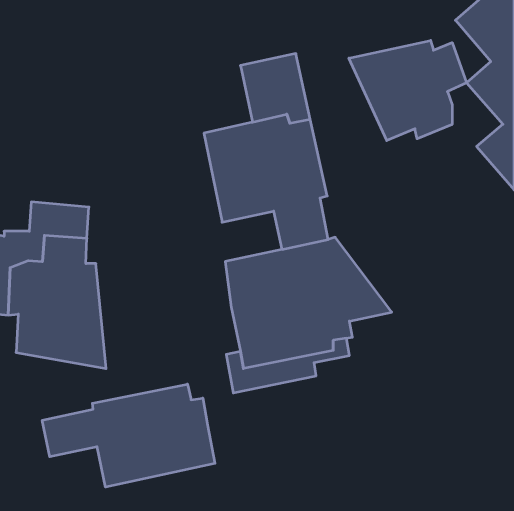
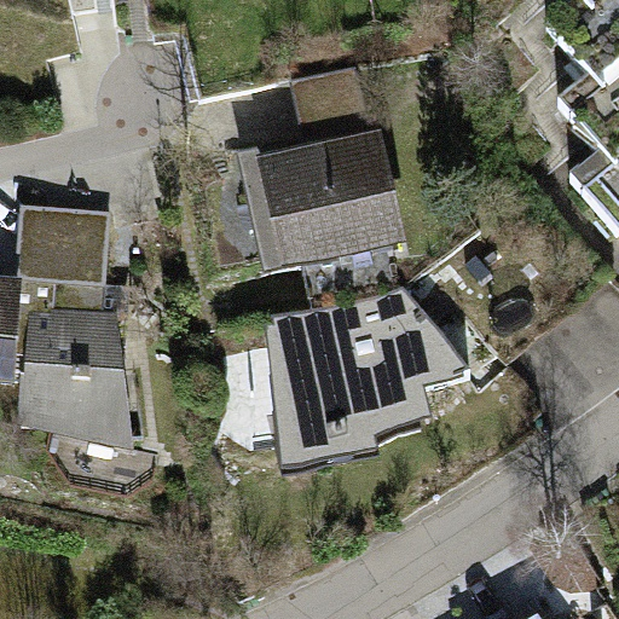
building: [349,40,467,141] -> none
building: [42,384,215,487] -> none

